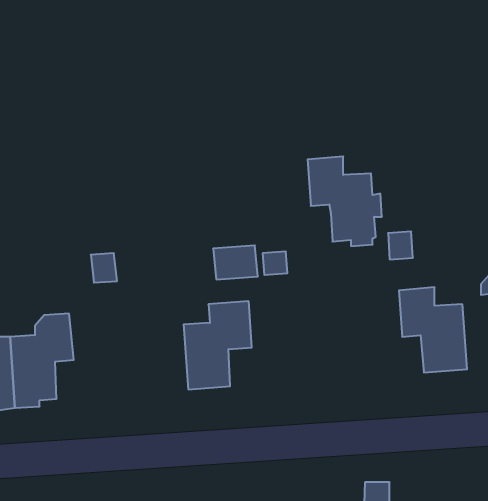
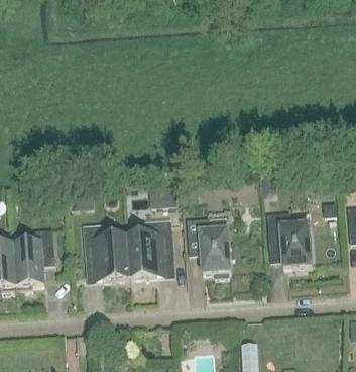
building: [308,156,382,246] -> [187,218,235,277]
building: none -> [85,225,130,281]

